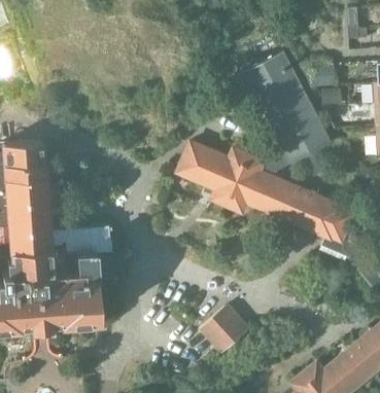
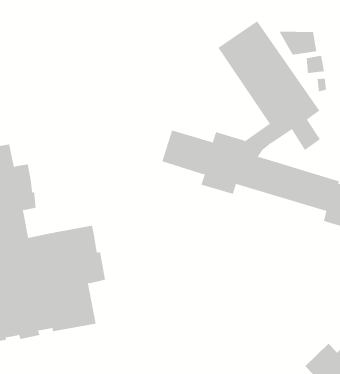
building: [199,307,246,354] -> none

